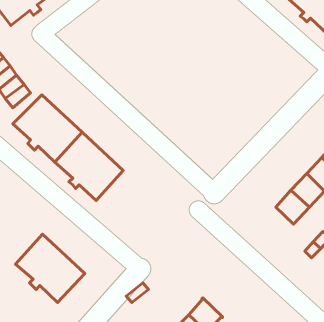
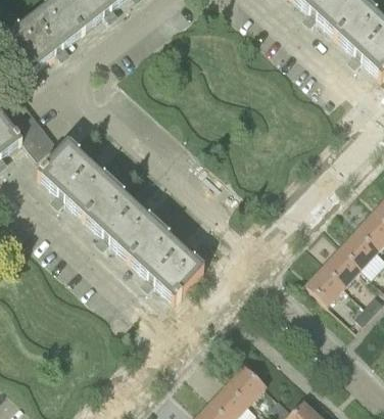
building: none -> [305,266,343,304]
building: [15,234,85,302] -> [128,226,203,300]

